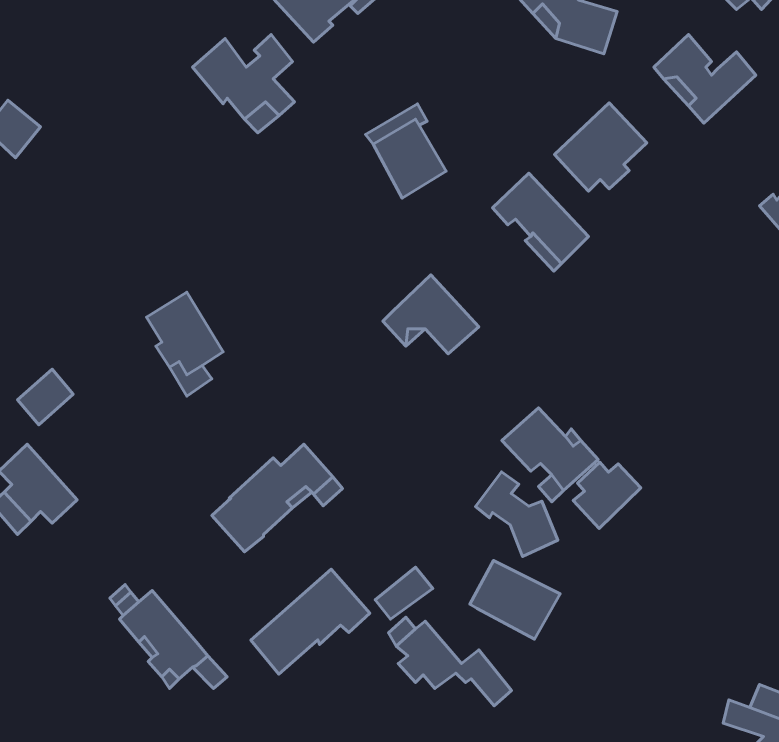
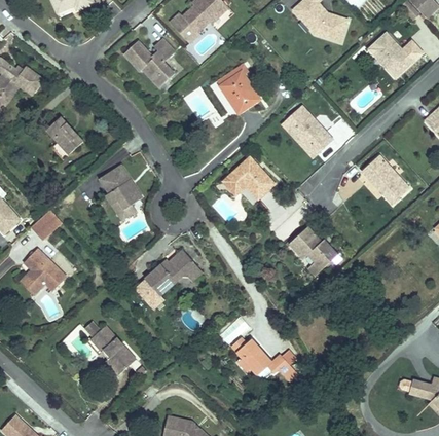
building: [555,103,647,191] -> none
building: none -> [43,116,83,162]
building: none -> [362,157,410,208]
building: [573,462,641,529] -> none
building: [476,472,558,556] -> none
building: [470,561,560,639] -> none
building: [251,569,370,674] -> none

